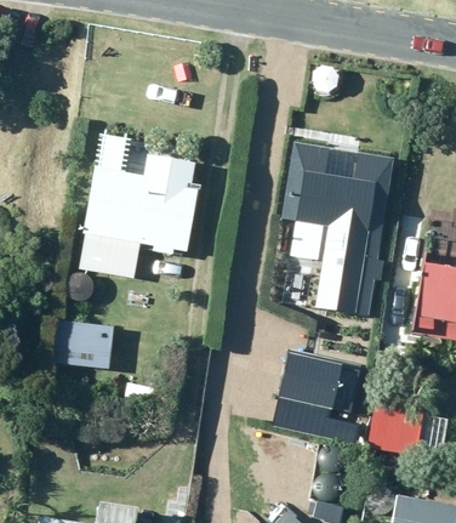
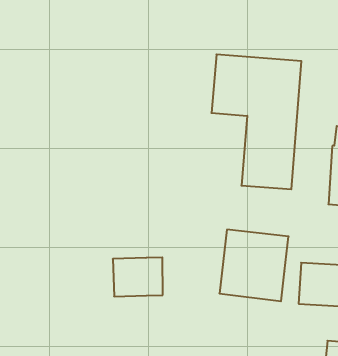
building: [79,153,198,278] -> none
building: [56,324,118,373] -> [113,257,163,296]

